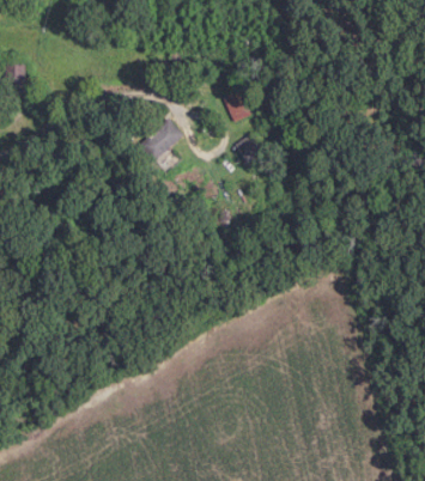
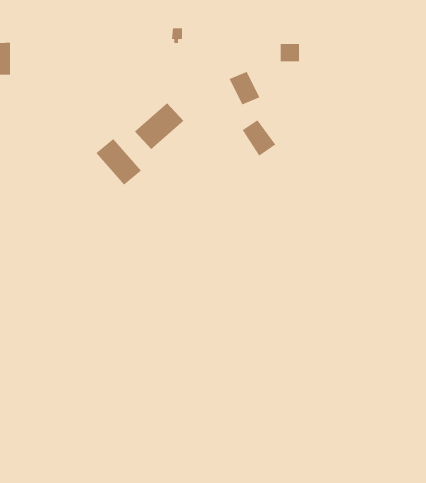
building: none -> [96,138,142,185]

